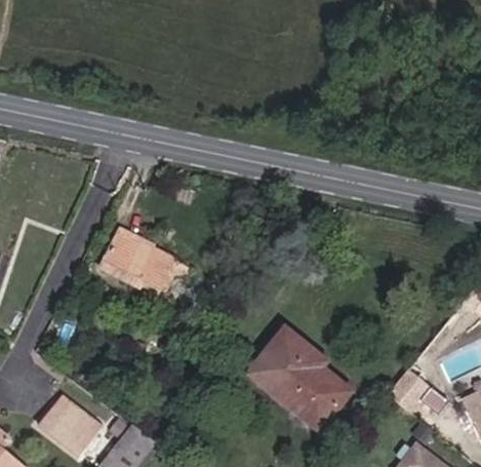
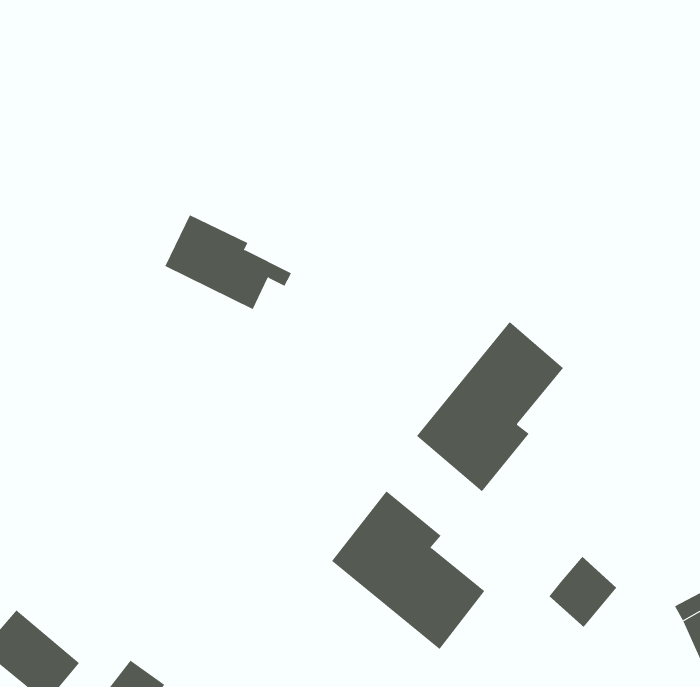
building: none -> [416,321,564,492]
building: [109,230,187,288] -> [164,214,292,310]

